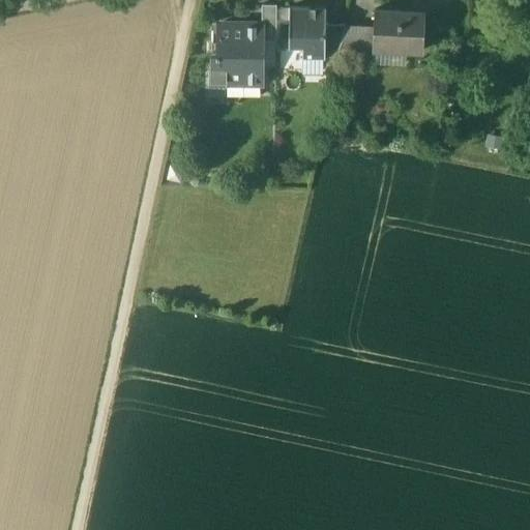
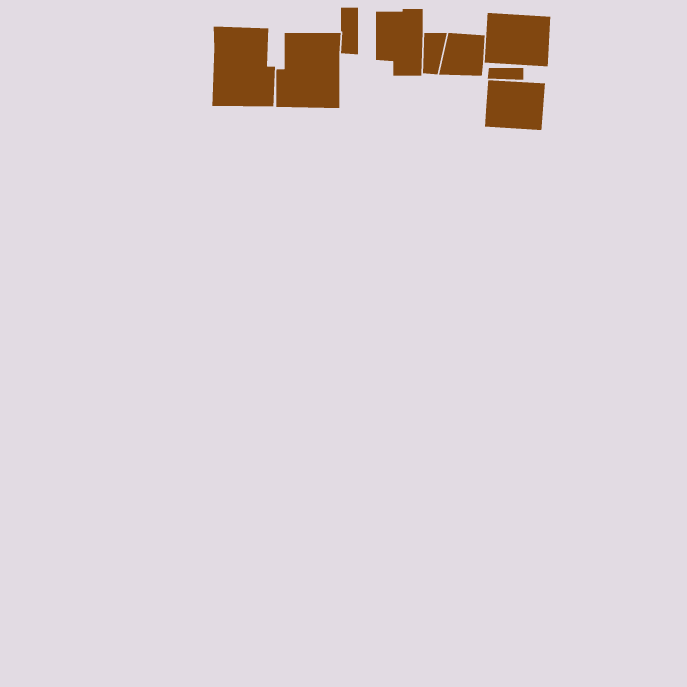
building: none -> [212,26,276,107]
building: none -> [484,79,546,131]

